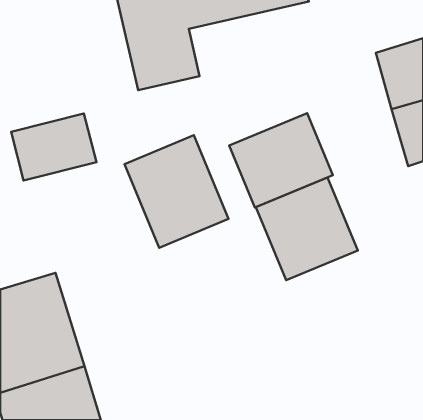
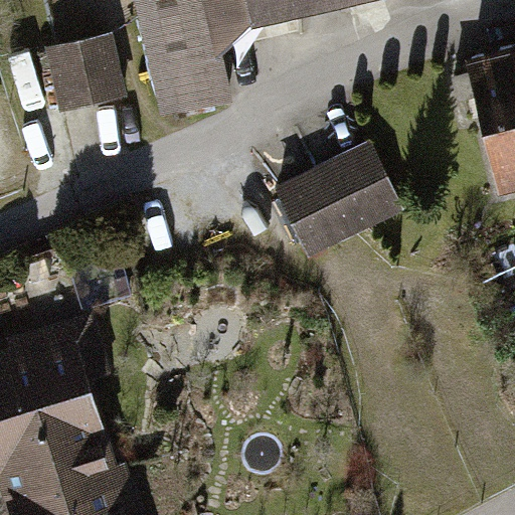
building: [11,114,96,181] -> [21,35,125,117]
building: [124,135,229,248] -> none
building: [256,178,358,280] -> none

